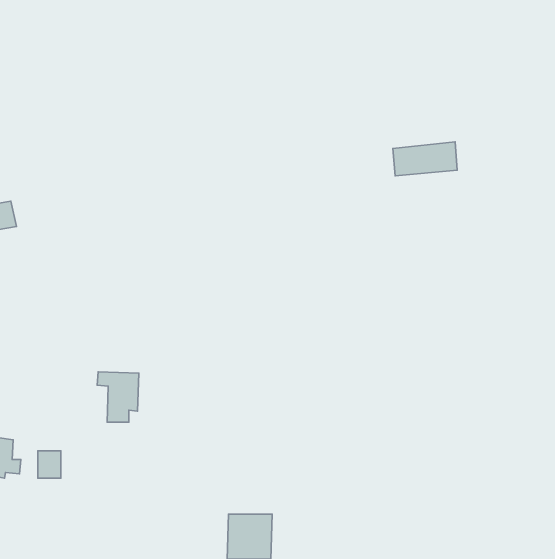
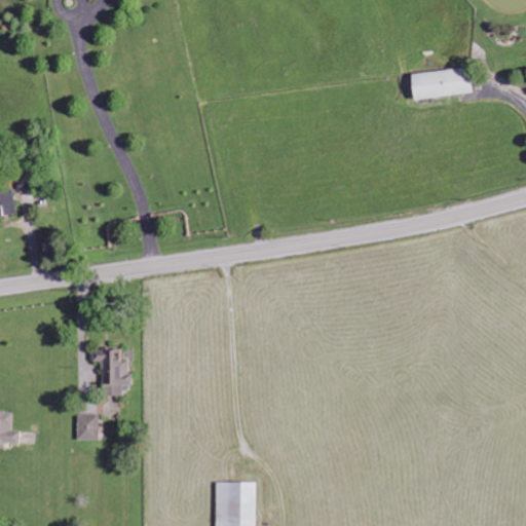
building: [393,142,457,176] -> [411,68,472,100]
building: [38,451,61,478] -> [76,415,98,441]

